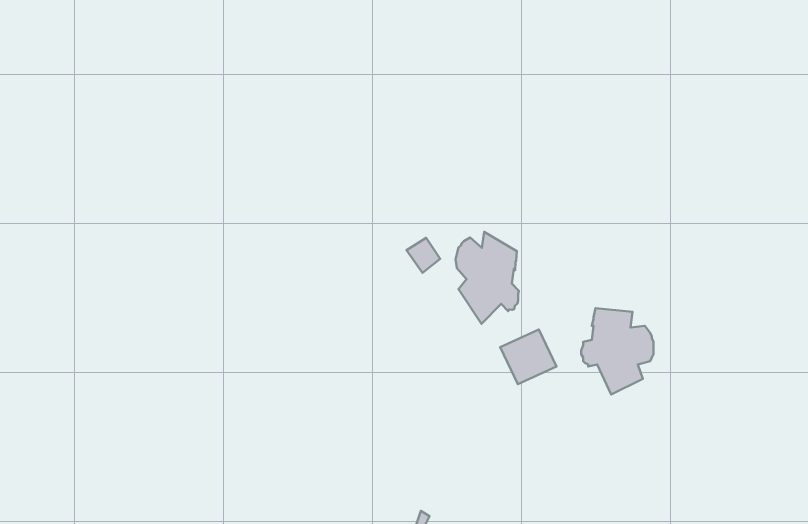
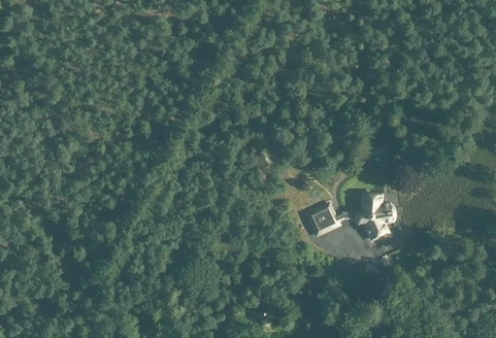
building: [456,232,519,324] -> none

